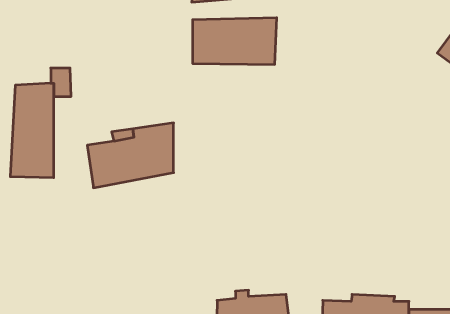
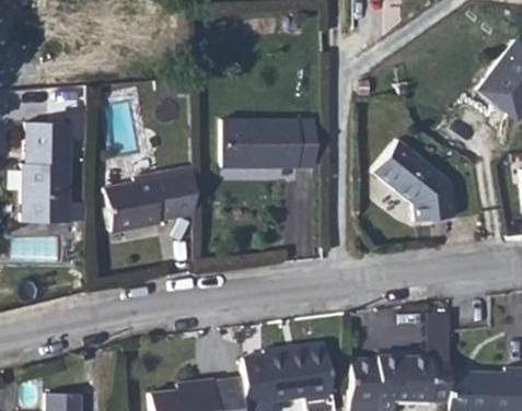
building: [193,18,277,64] -> [221,118,312,168]
building: none -> [372,141,454,224]

